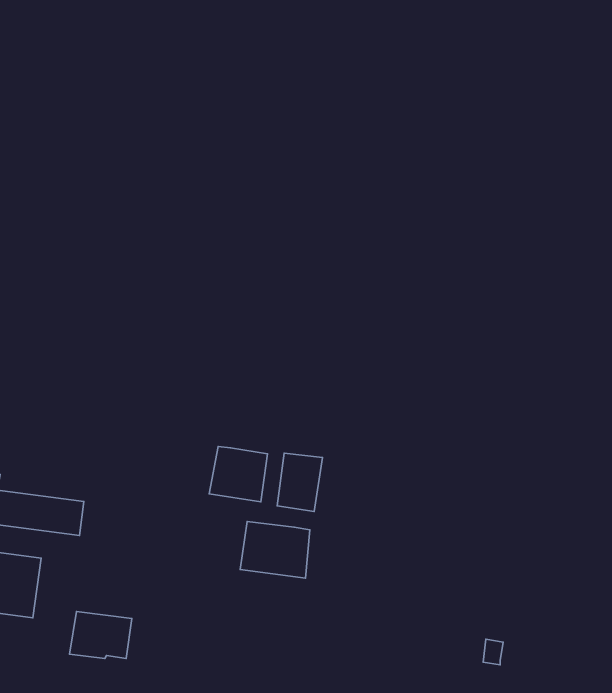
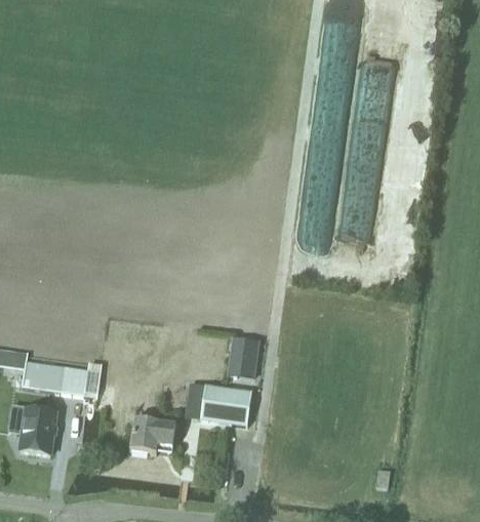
building: [209,447,267,502] -> none
building: [69,611,132,658] -> [129,418,174,452]

